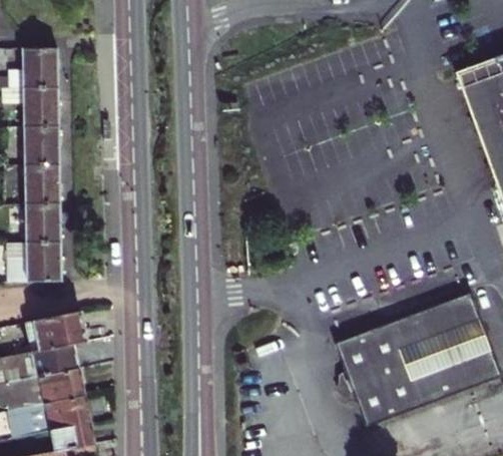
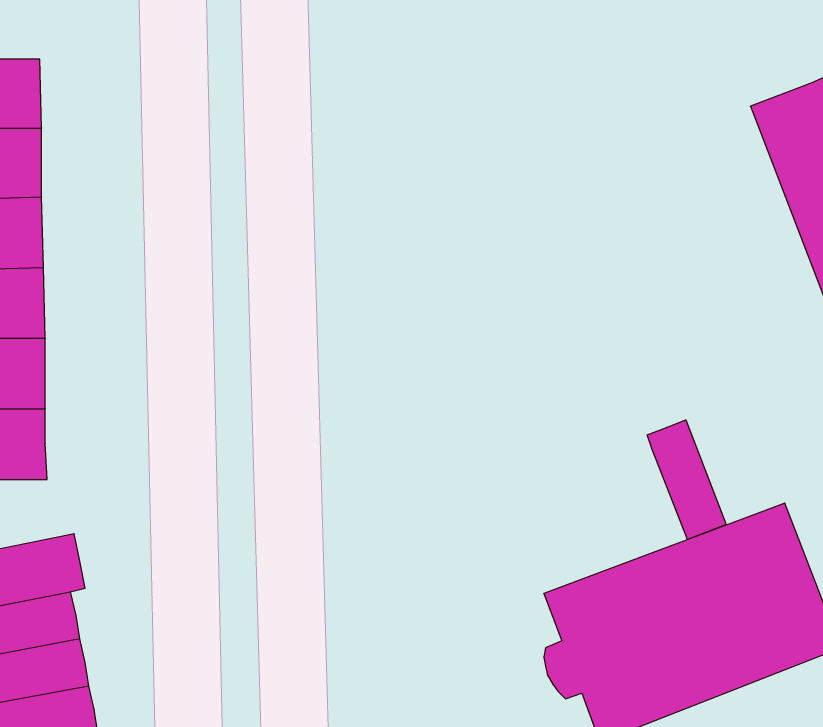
building: none -> [647,420,726,540]

